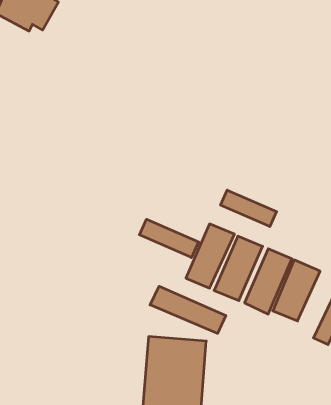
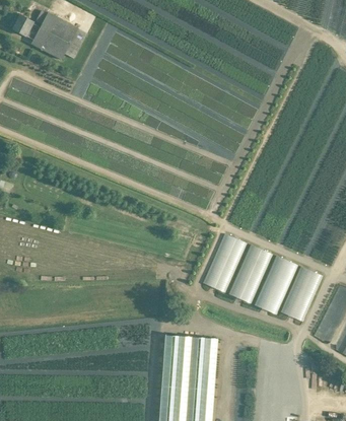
building: [221,190,277,227] -> none
building: [139,219,199,258] -> none
building: [150,286,226,333] -> none

